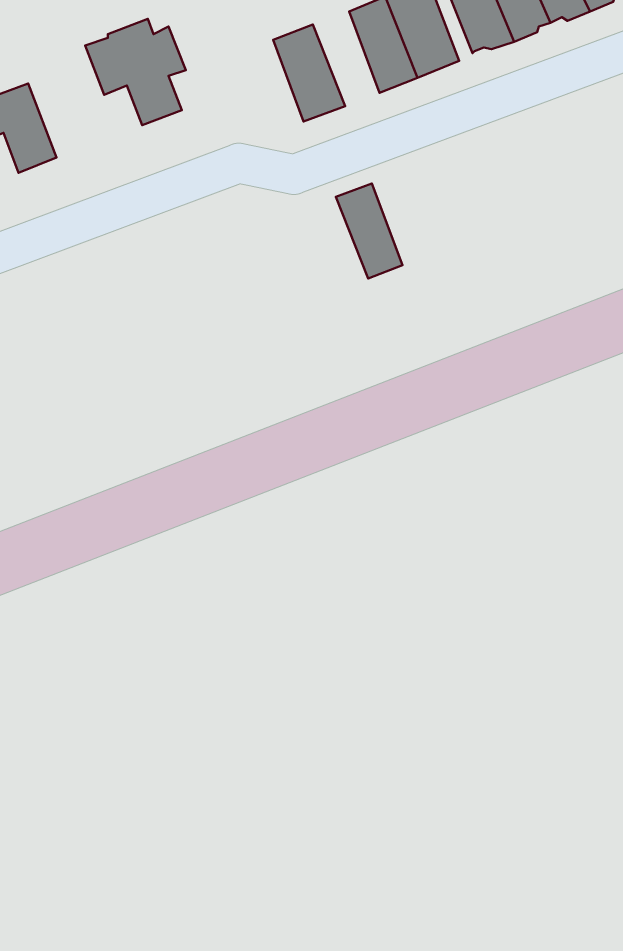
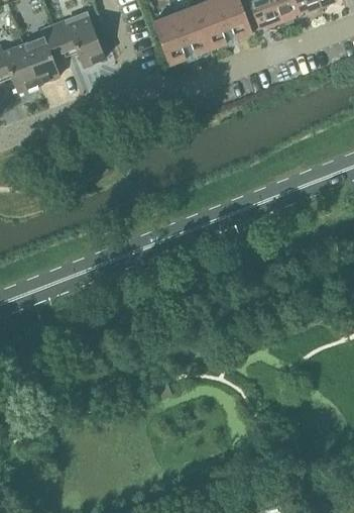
building: none -> [22,24,63,84]
building: [336,184,402,278] -> [173,6,209,57]

